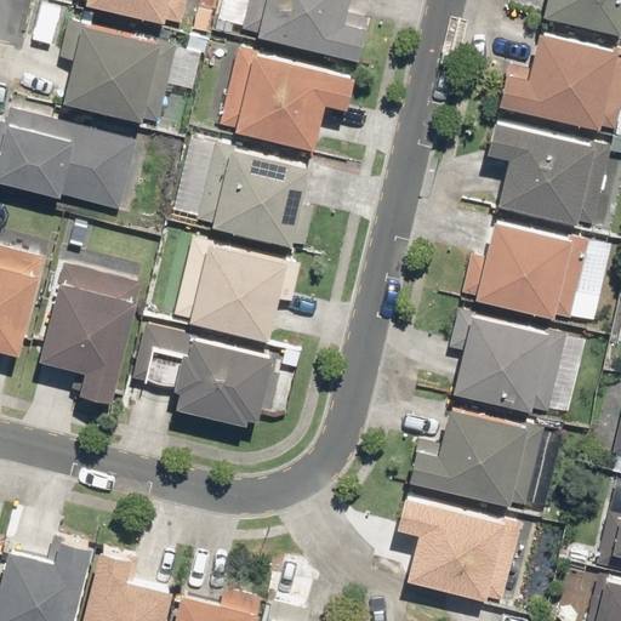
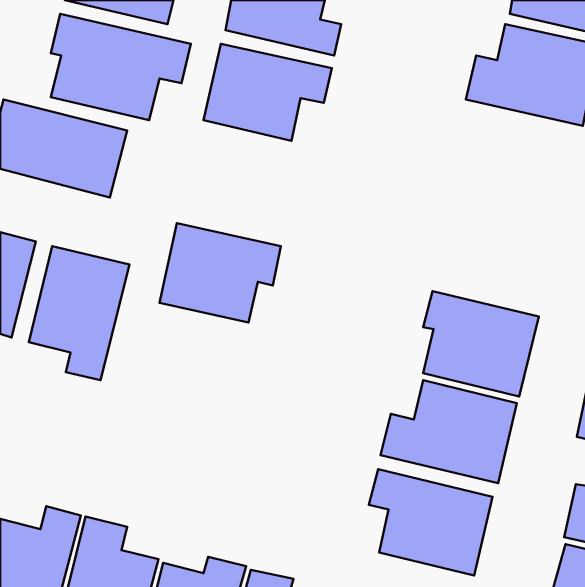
building: [483,121,615,229] -> none
building: [172,137,315,251] -> none
building: [461,216,596,326] -> none
building: [132,324,273,429] -> none

